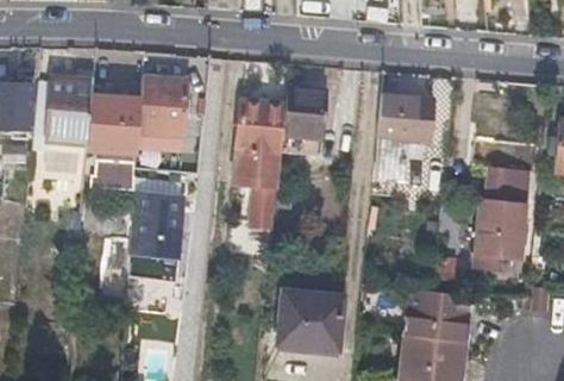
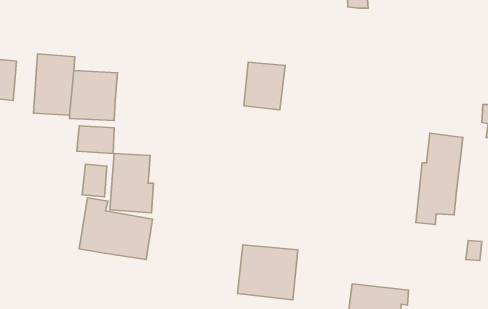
building: [139,75,188,133] -> none
building: [376,94,431,182] -> none
building: [237,99,287,227] -> none
building: [405,291,472,343] -> none

